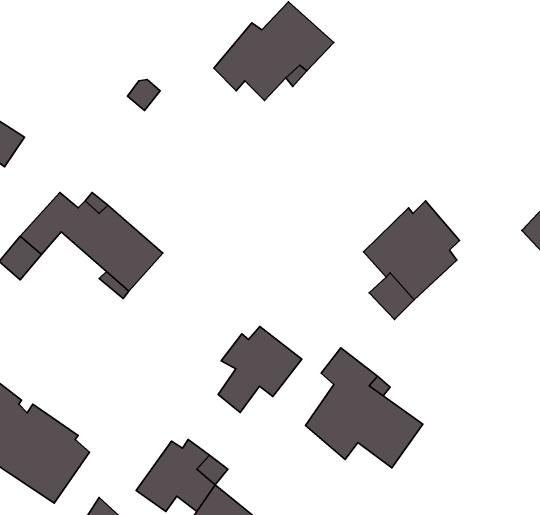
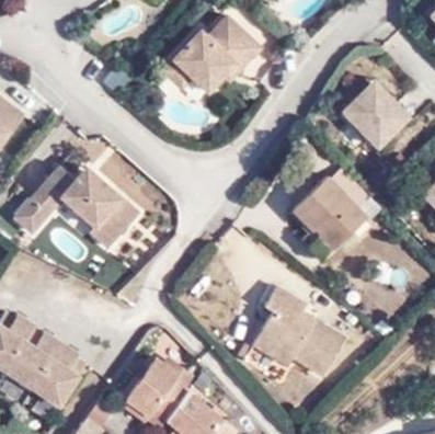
building: none -> [344,80,411,148]
building: [218,326,302,413] -> none

